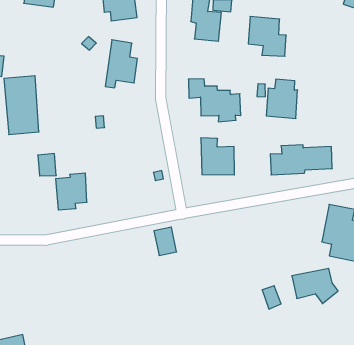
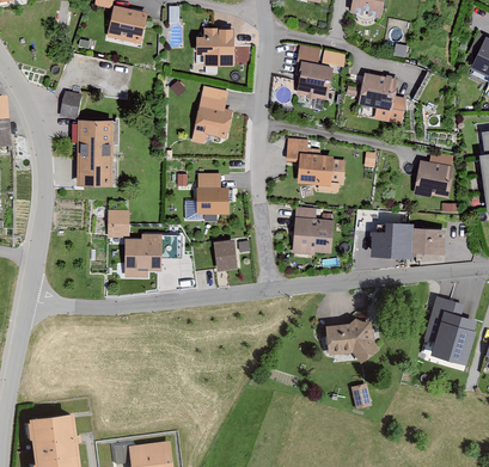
building: [266,79,298,118] -> [416,152,454,198]
building: none -> [197,173,228,213]
building: [154,227,177,255] -> [213,239,237,270]
building: [292,268,338,304] -> [326,322,378,362]

